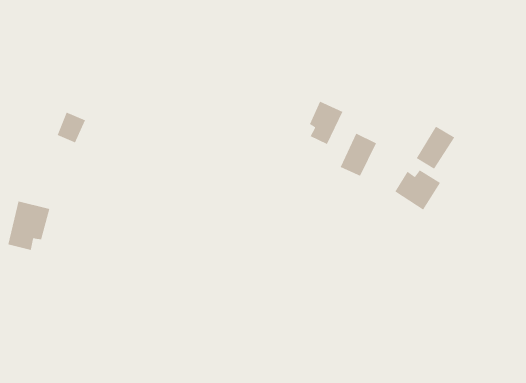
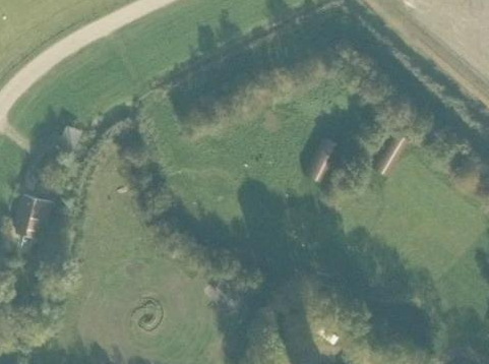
building: [309,101,343,145] -> none
building: [394,170,441,210] -> none

